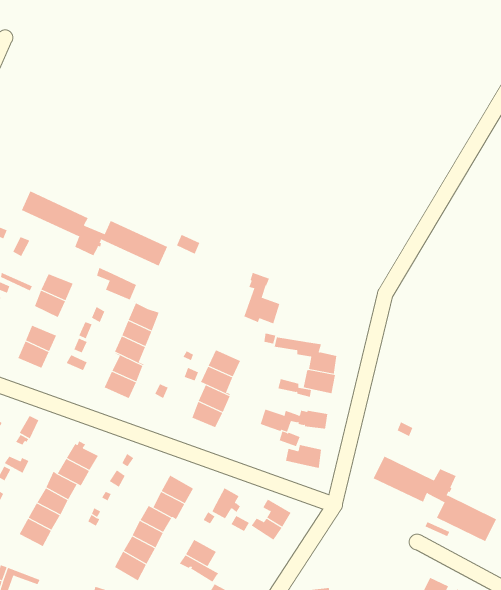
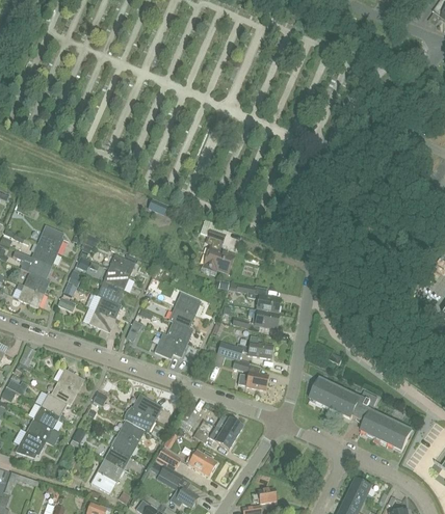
building: [21,191,168,266] -> none
building: [96,267,137,302] -> [18,251,51,280]
building: none -> [185,448,216,475]

